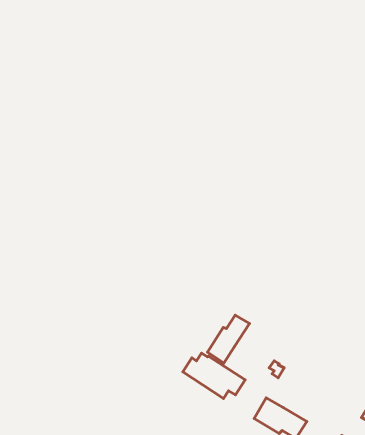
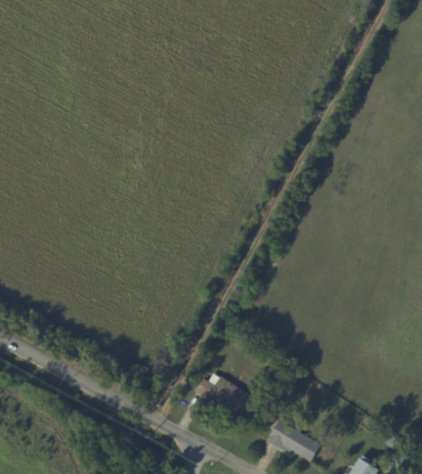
building: [207,315,250,363] -> none

